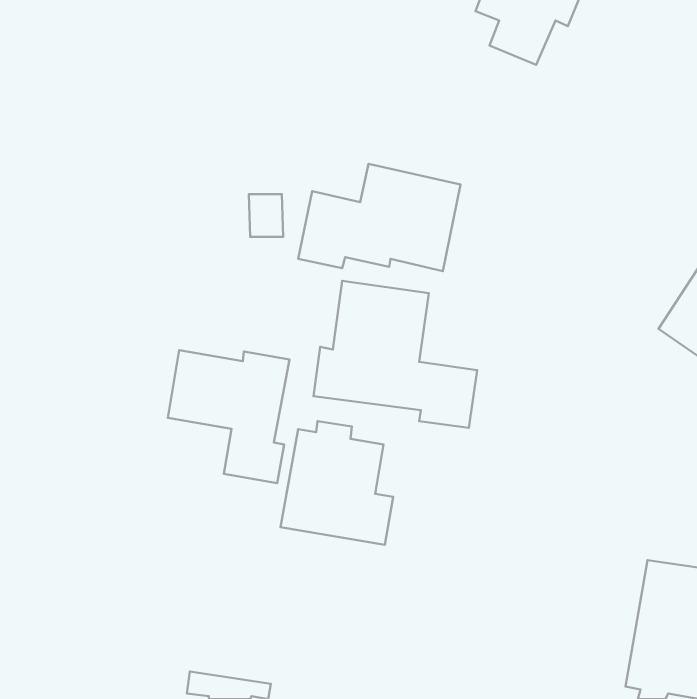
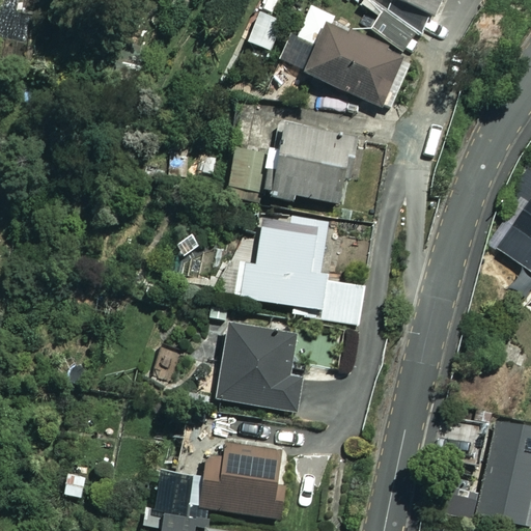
building: none -> [285,5,402,106]
building: [168,350,290,483] -> none
building: none -> [172,442,281,518]

